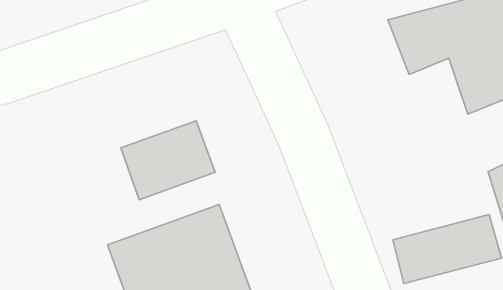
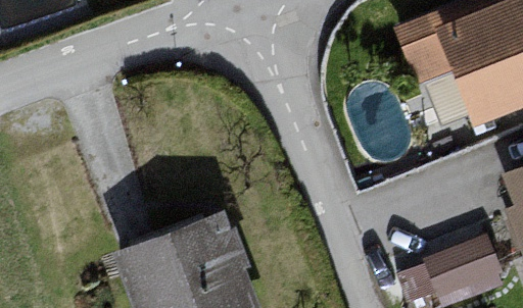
building: [121,121,215,200] -> none

